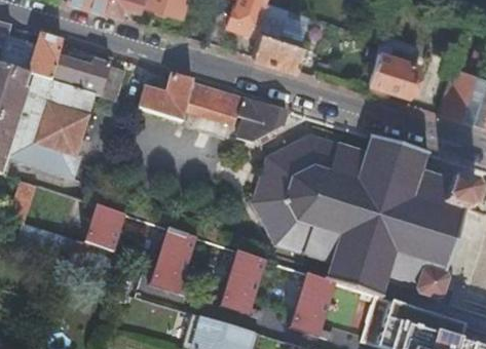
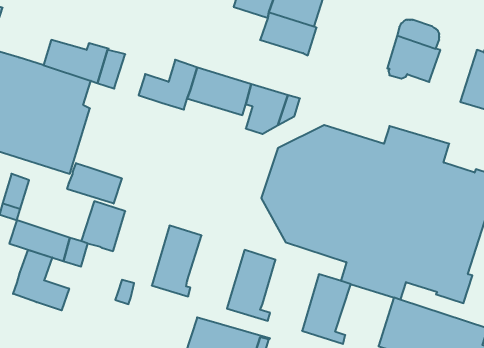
building: [27,35,62,80] -> none
building: none -> [67,163,122,204]
building: none -> [13,250,69,310]

